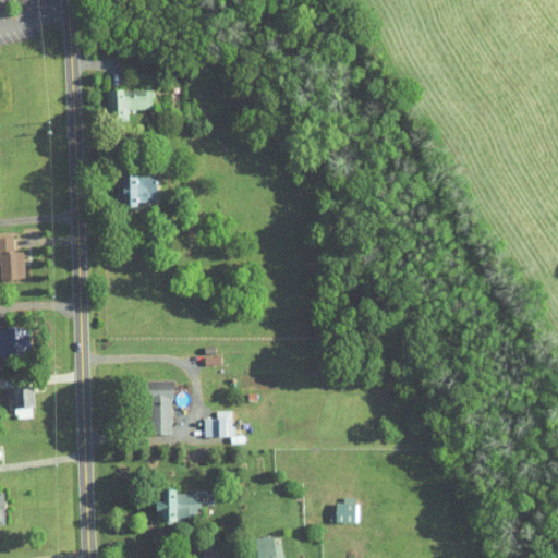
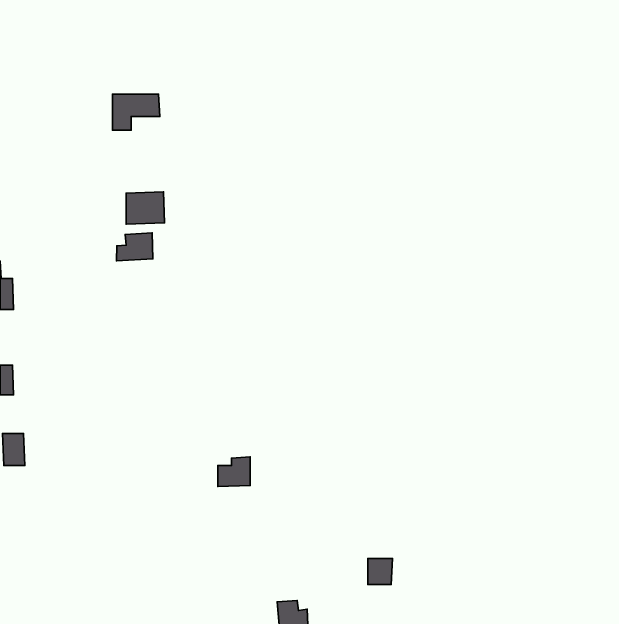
building: none -> [117,233,153,261]
building: [147,379,172,434] -> none
building: [156,488,197,520] -> none

